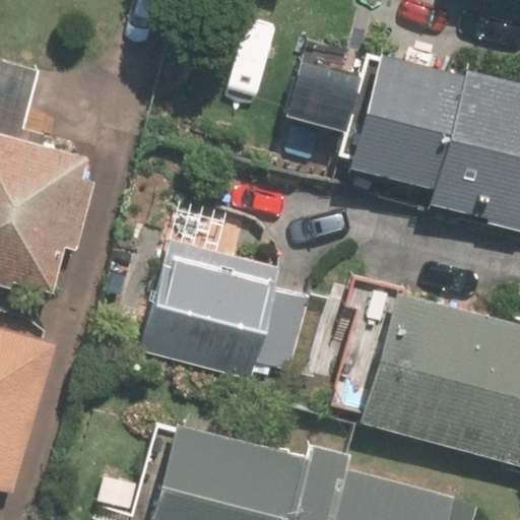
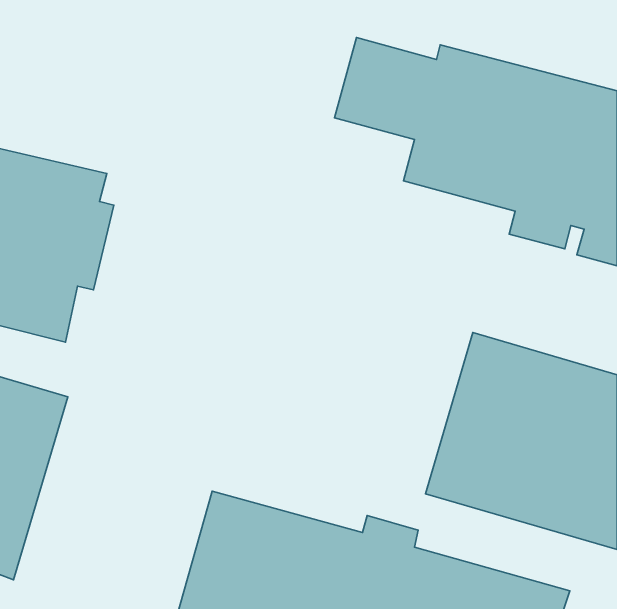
building: [140,246,307,385] -> none

